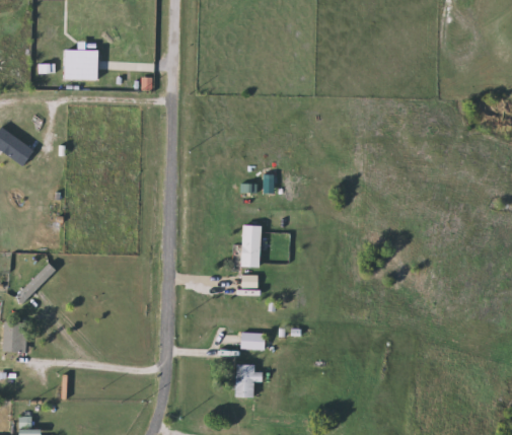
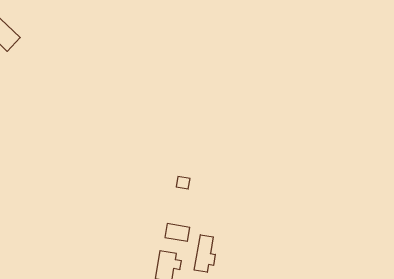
building: [241,225,261,267] -> none
building: none -> [194,235,215,272]

